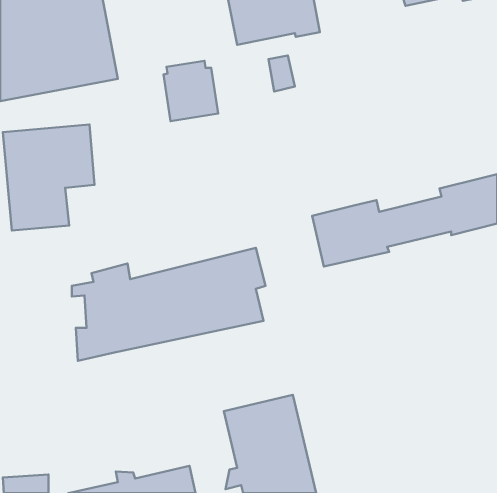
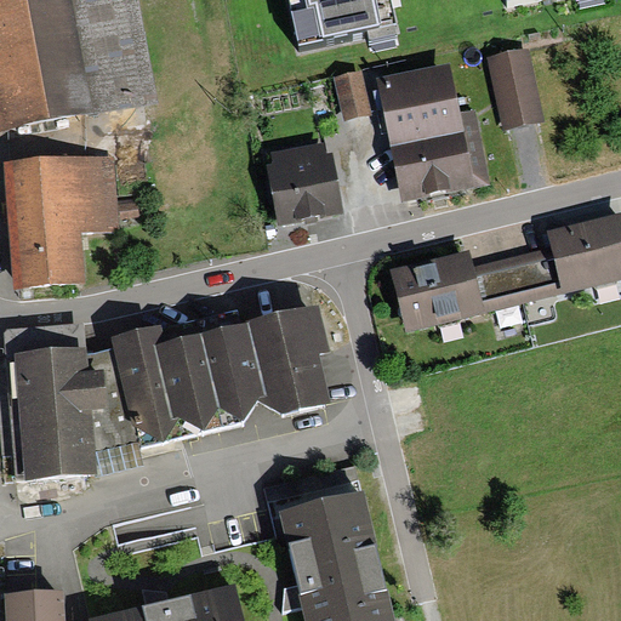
building: none -> [483,46,541,126]
building: none -> [382,63,472,192]
building: [164,61,218,121] -> [272,144,340,220]
building: none -> [13,349,108,479]

